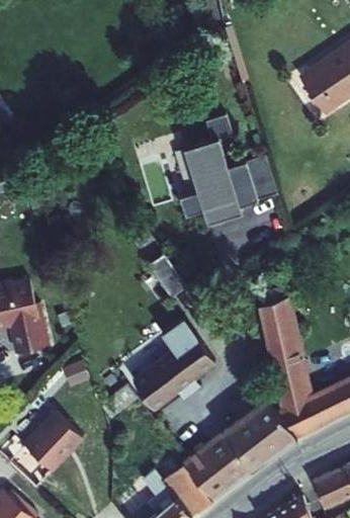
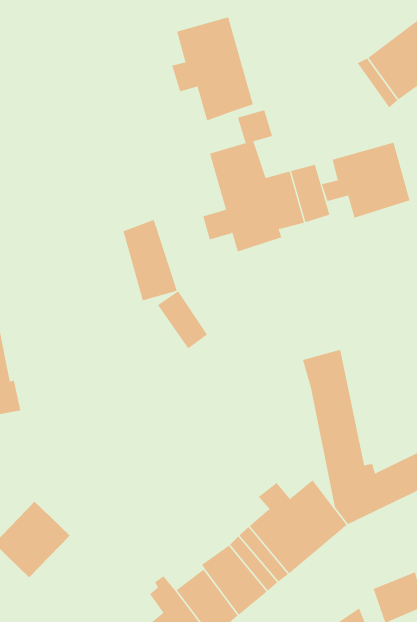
building: none -> [171,16,254,121]
building: none -> [321,142,410,219]
building: none -> [123,219,178,301]
building: [129,319,212,410] -> none

